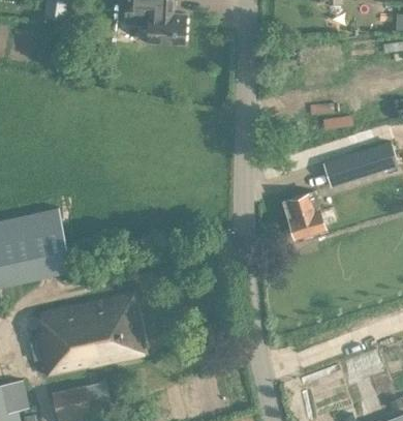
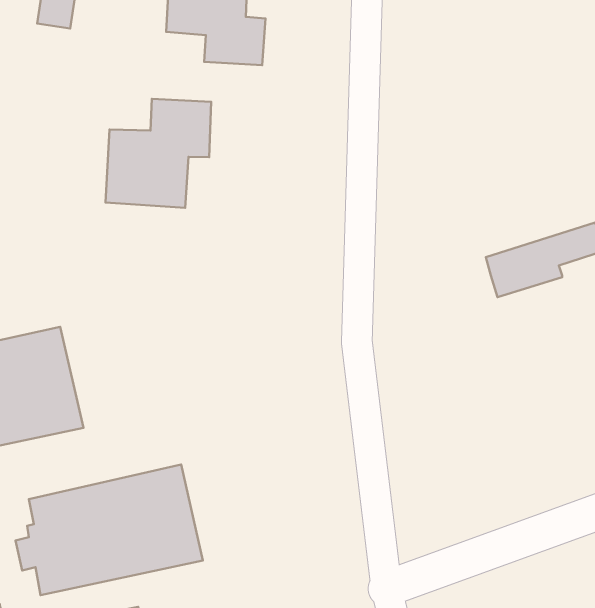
building: none -> [106,99,211,208]
building: [284,192,326,238] -> none

